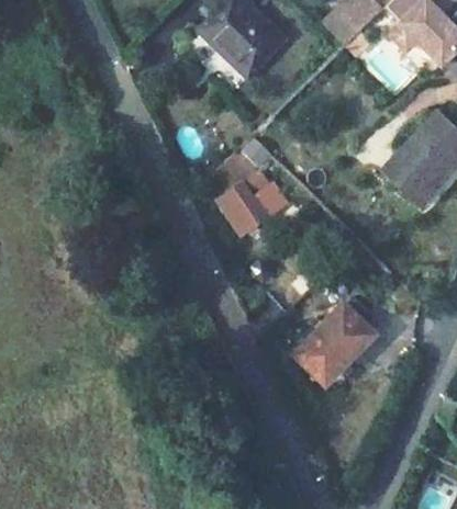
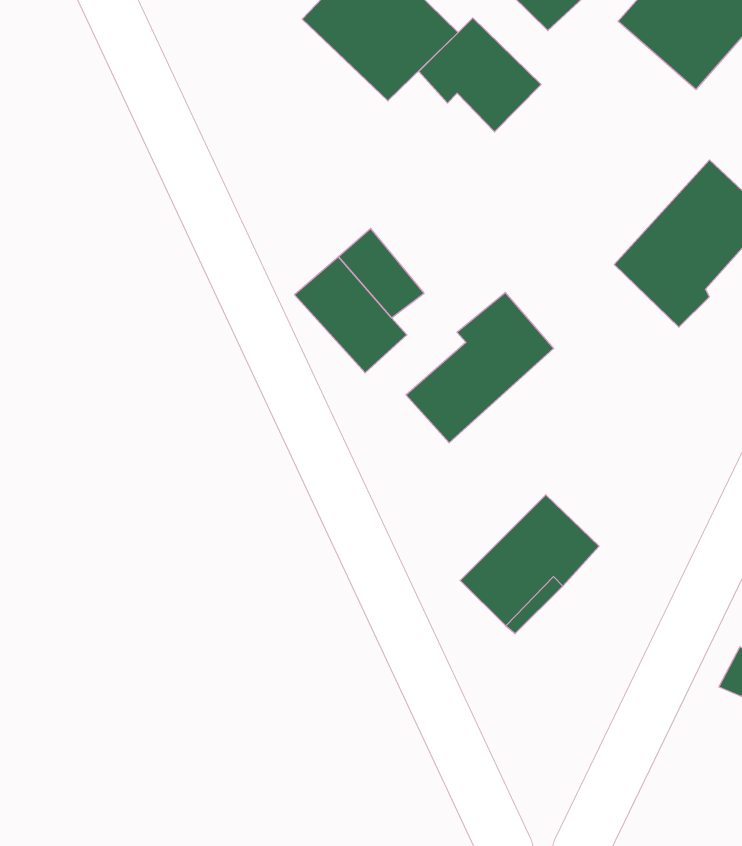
building: none -> [419,18,541,132]
building: none -> [406,292,554,443]

